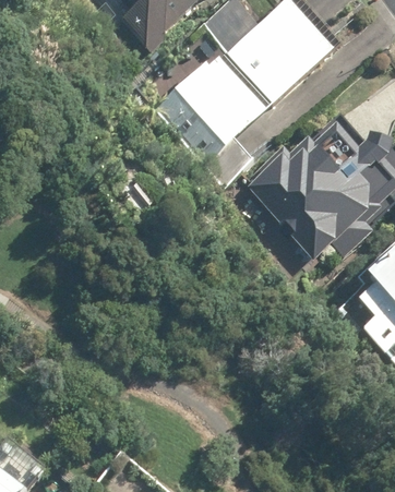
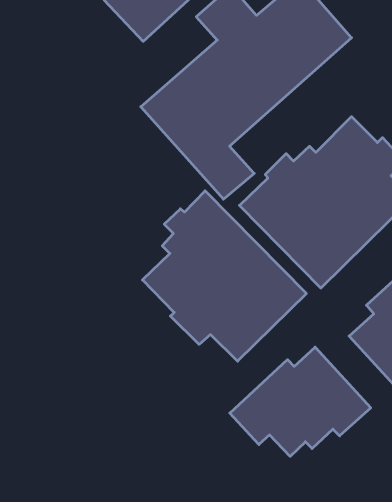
building: none -> [142,191,306,361]
building: none -> [230,347,371,456]

